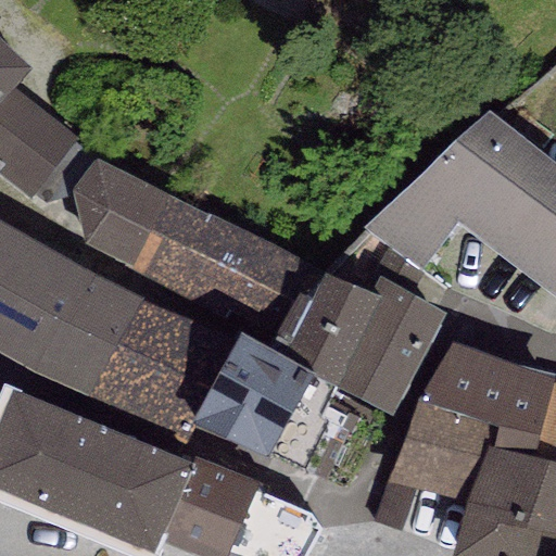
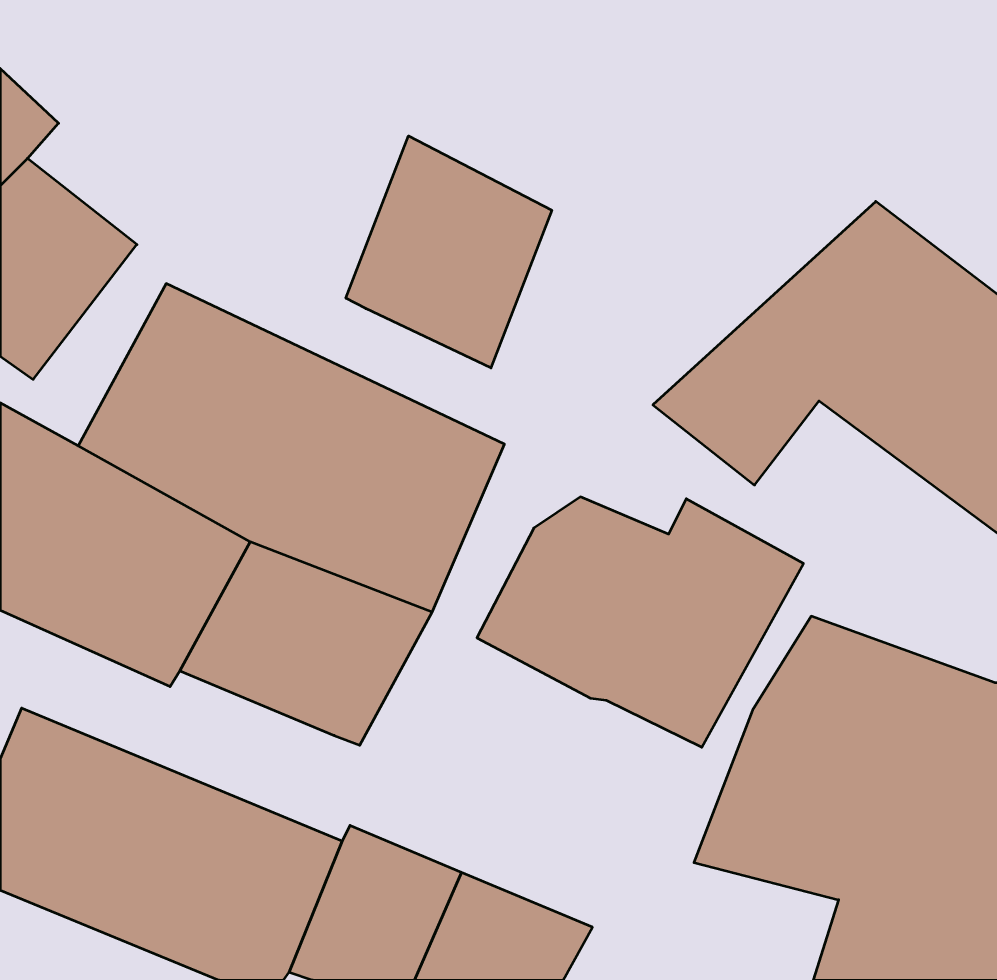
building: none -> [346,136,552,368]
building: [178,340,329,471] -> none

